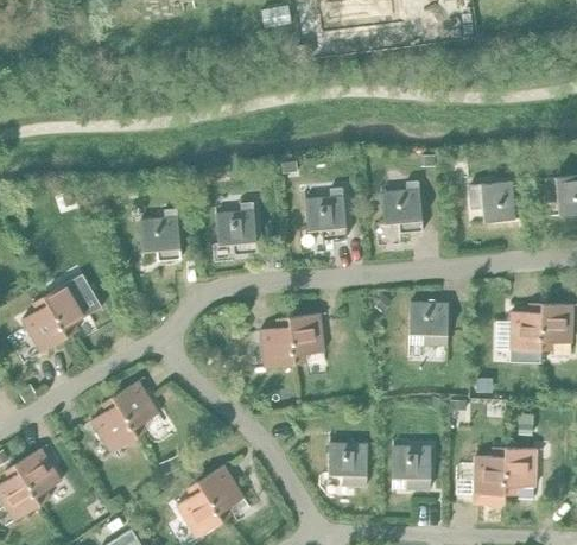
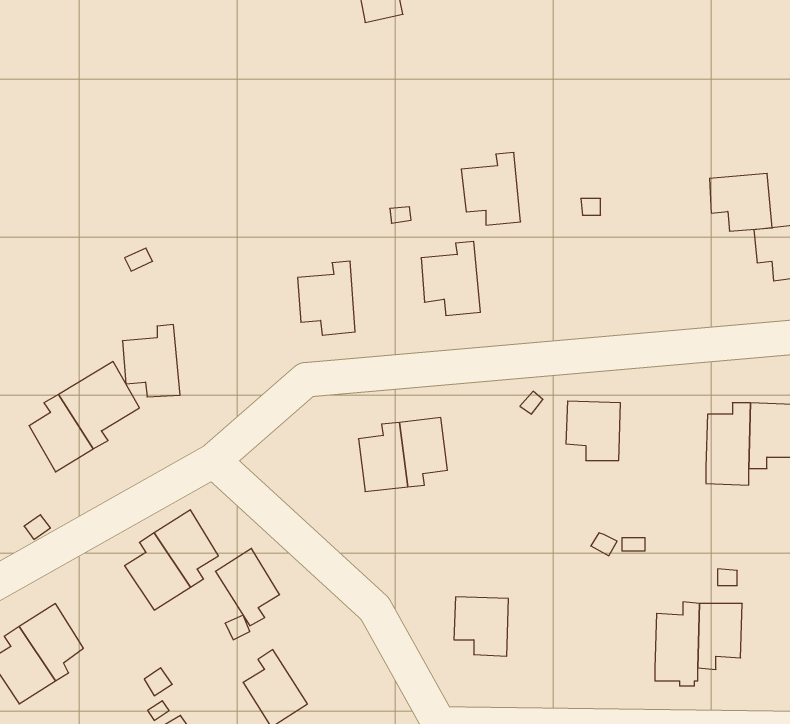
building: [380,180,423,233] -> [461,153,521,225]
building: [469,180,514,222] -> [710,174,772,231]
building: [139,208,180,260] -> [122,325,180,397]
building: [392,445,430,488] -> none
building: [197,464,243,520] -> [215,548,280,626]

